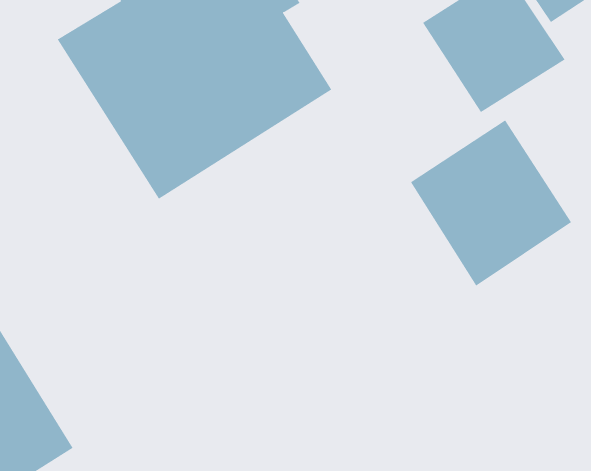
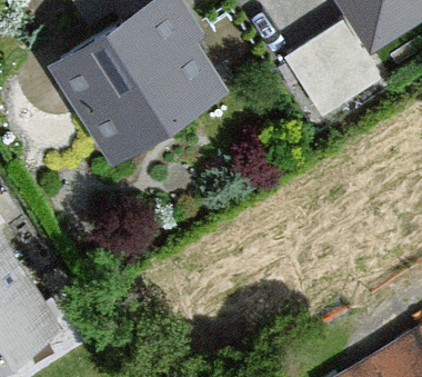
building: [410,120,572,286] -> none

